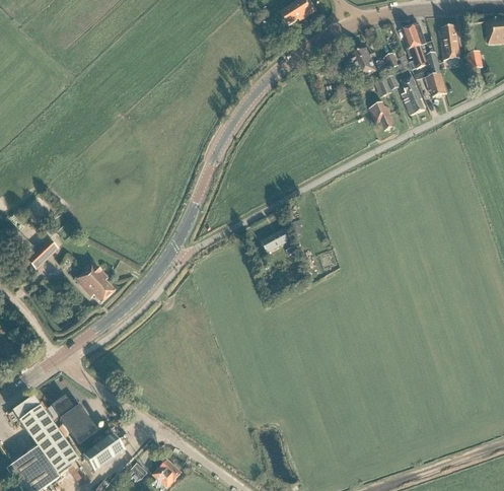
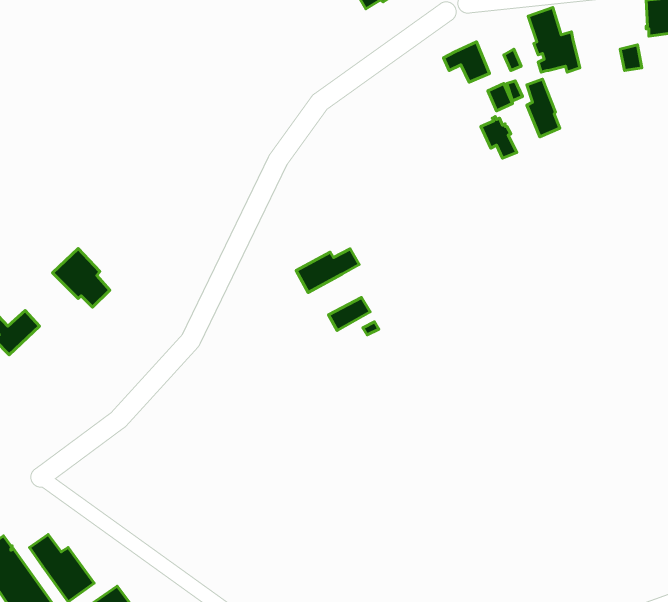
building: [440,25,459,60] -> none
building: [426,66,448,96] -> none
building: none -> [296,249,359,292]
building: [74,262,115,303] -> [52,248,110,307]

